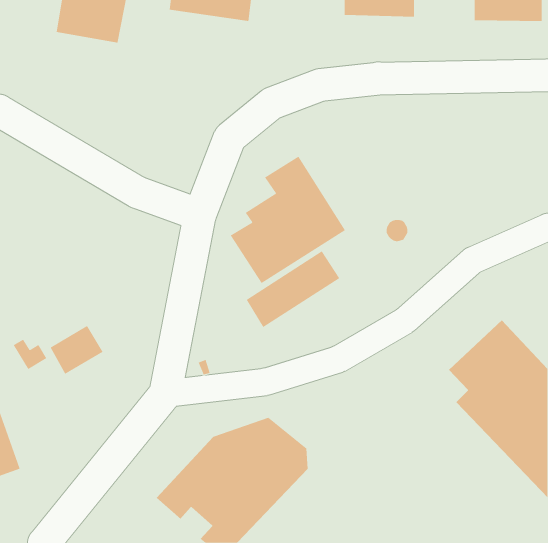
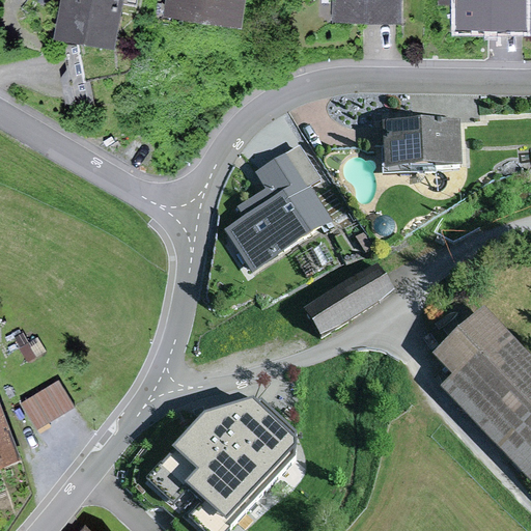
building: none -> [382,119,462,169]
building: [246,250,340,328] -> [304,260,395,335]
building: [50,325,104,374] -> [22,374,74,422]

